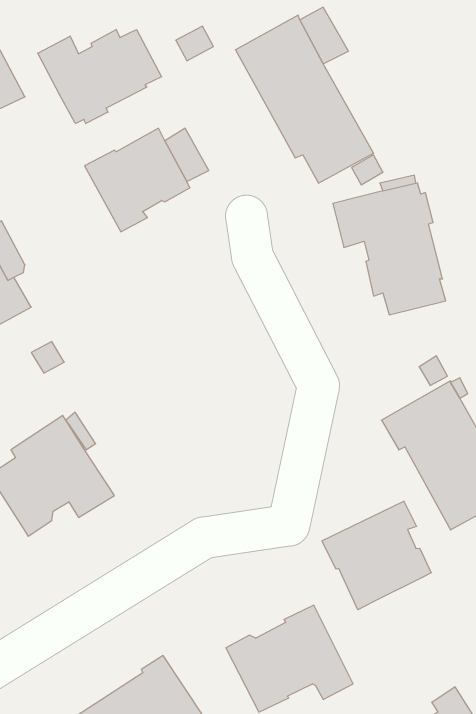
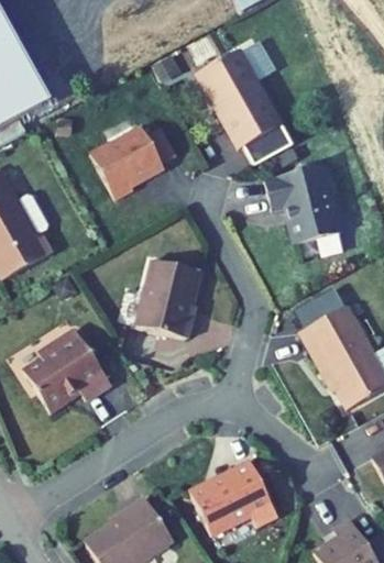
building: [38,29,161,124] -> none
building: none -> [136,258,201,338]
building: [322,501,431,610] -> none

